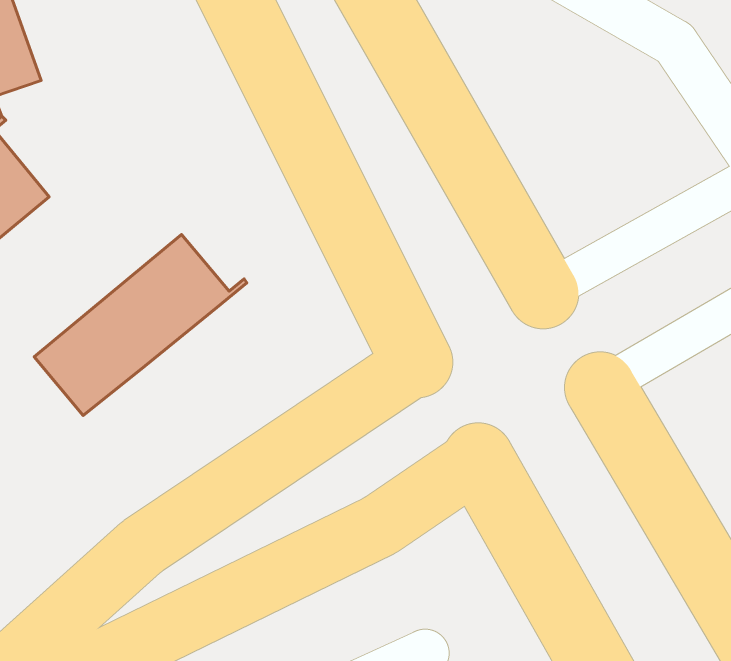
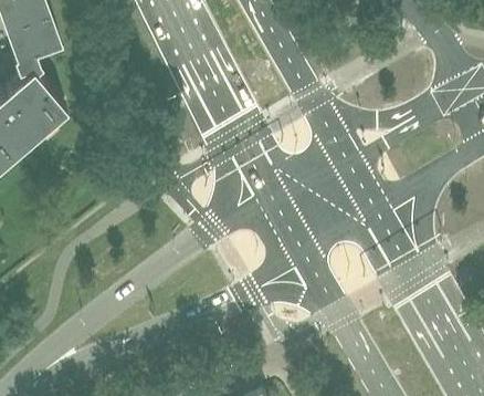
building: [34,234,247,416] -> none

